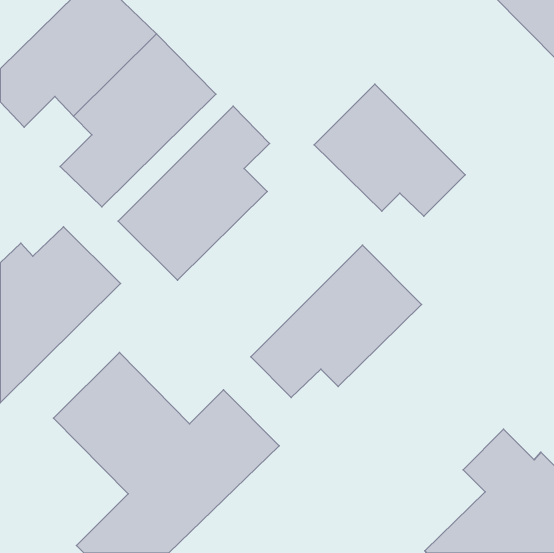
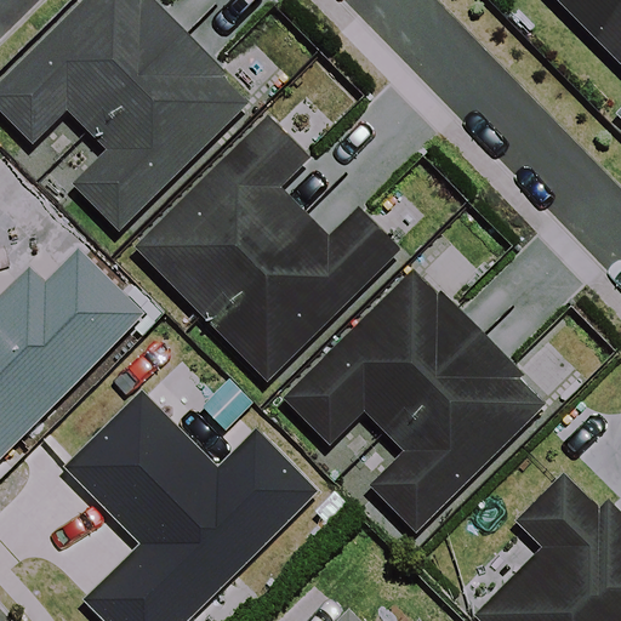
building: [314,84,465,216] -> none
building: none -> [203,211,395,378]
building: none -> [368,337,542,531]

